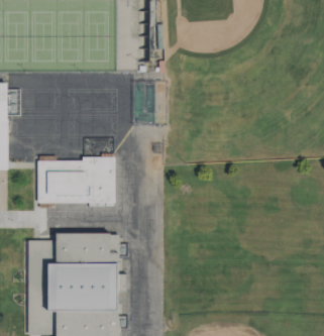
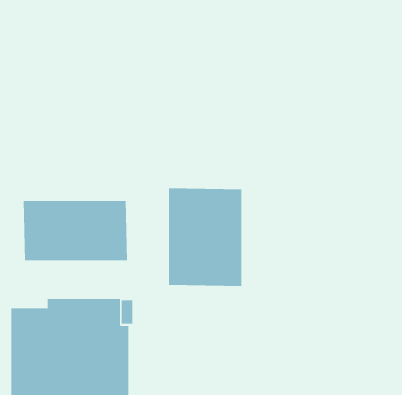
building: none -> [169,188,242,287]

